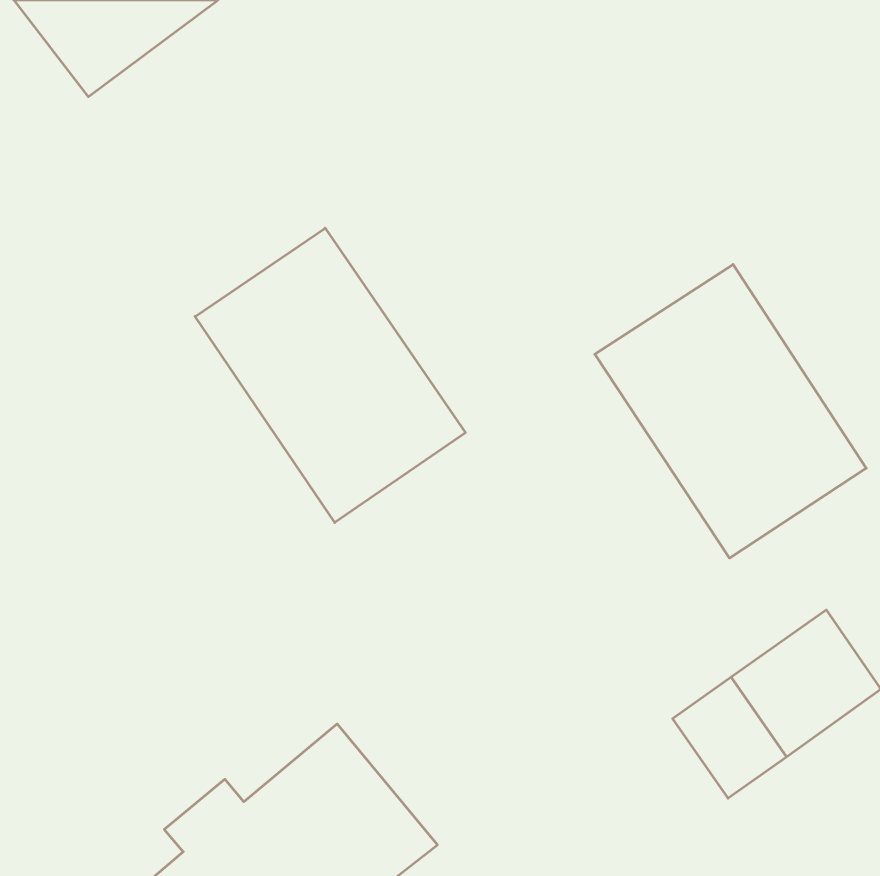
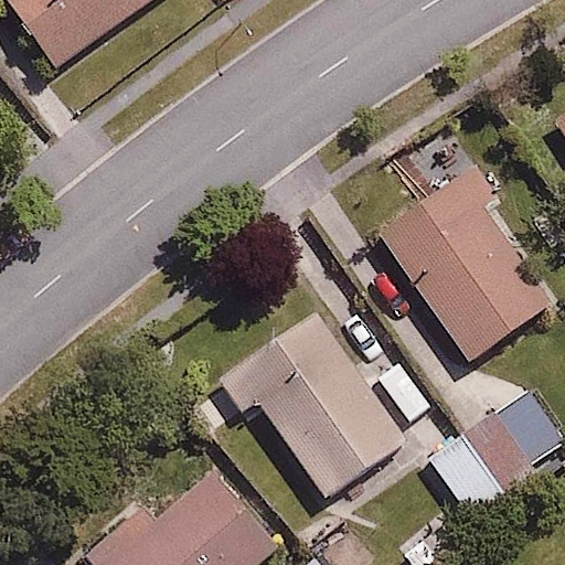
building: [195,228,465,523] -> none
building: none -> [218,310,405,498]

